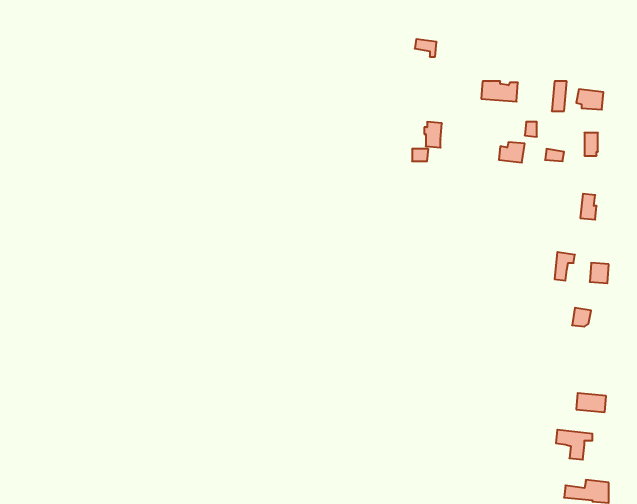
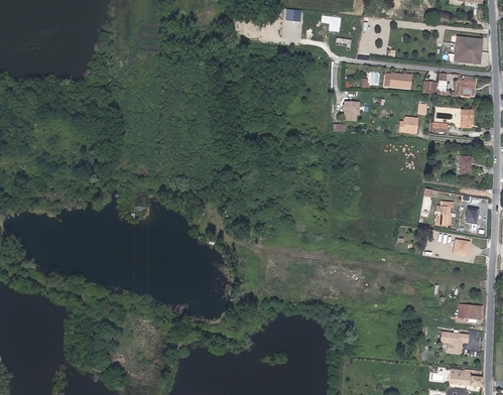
building: none -> [456,35,484,64]

